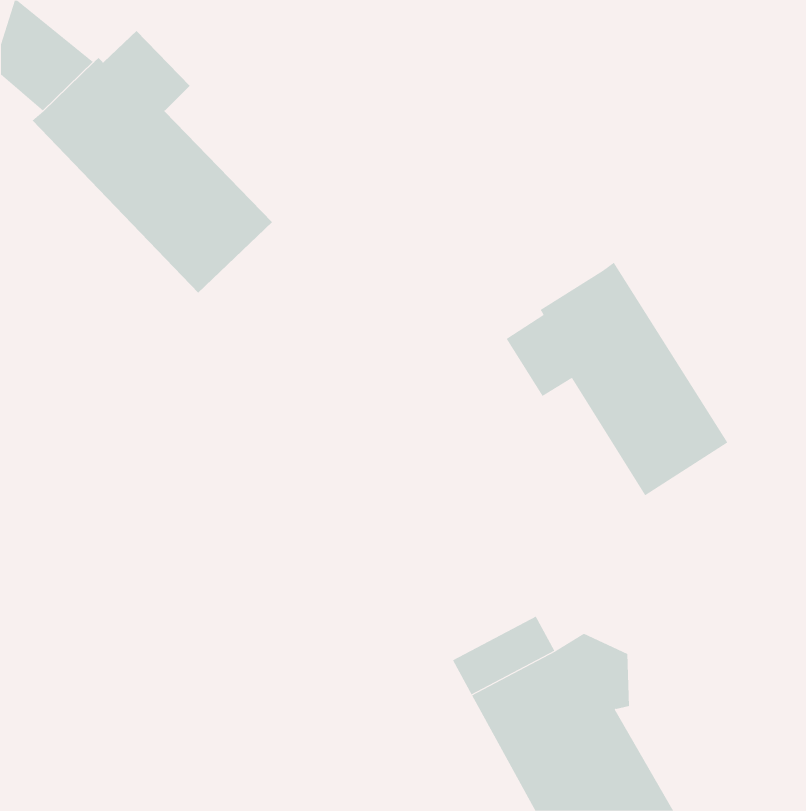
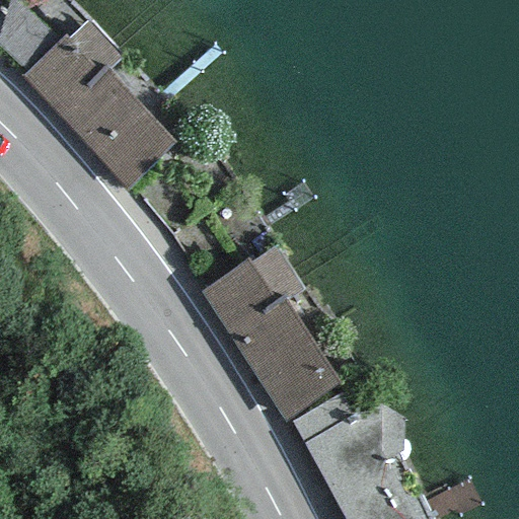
building: [506,262,728,496] -> none
building: none -> [202,247,344,420]

